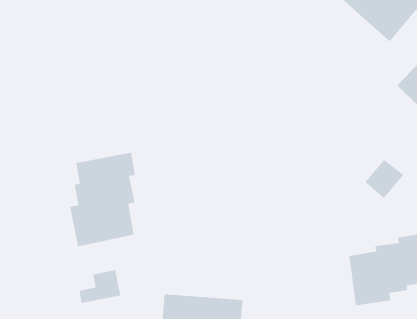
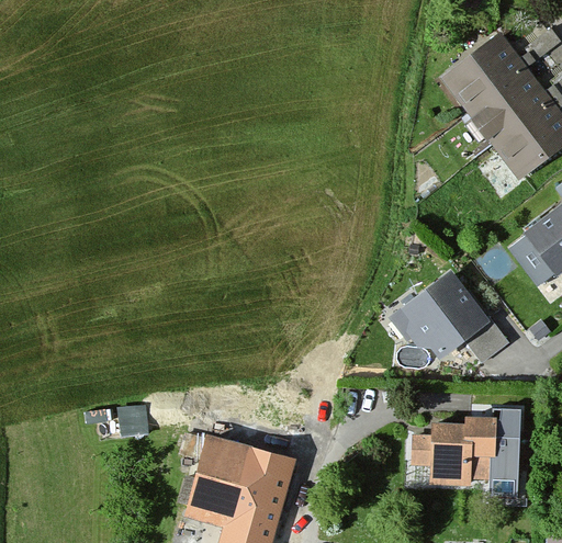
building: none -> [392,273,481,360]
building: [69,152,136,247] -> none

